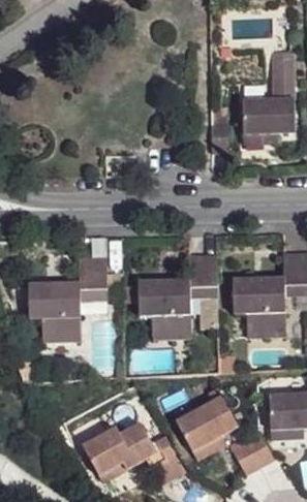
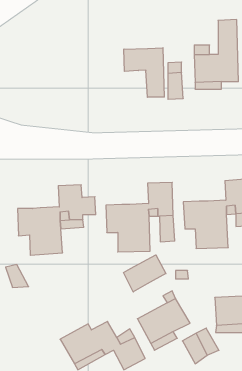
building: none -> [124,48,164,97]
building: none -> [124,255,166,292]

